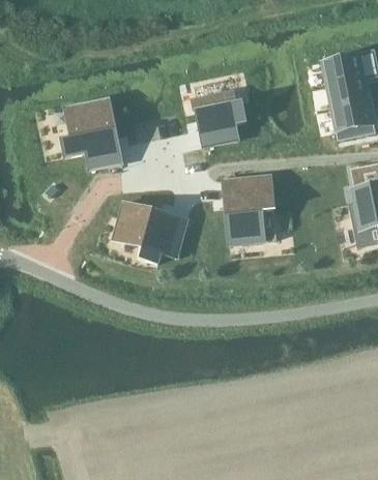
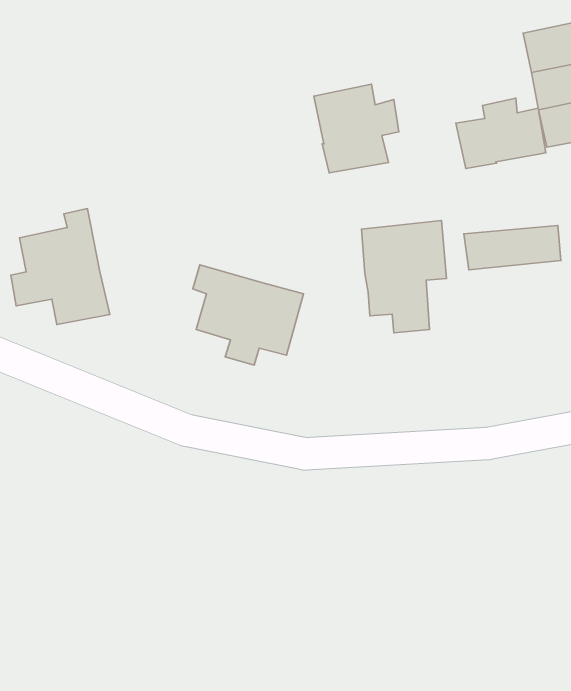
building: [62,98,122,169] -> [11,209,110,325]
building: none -> [456,98,546,168]
building: none -> [464,226,561,270]

